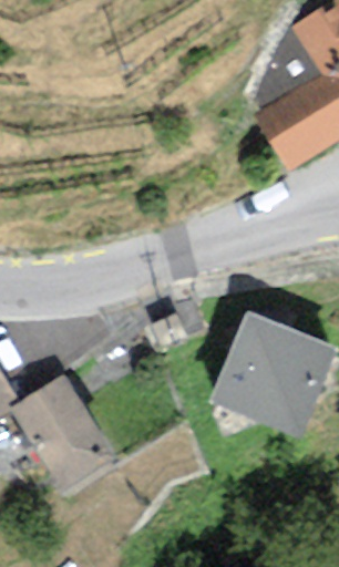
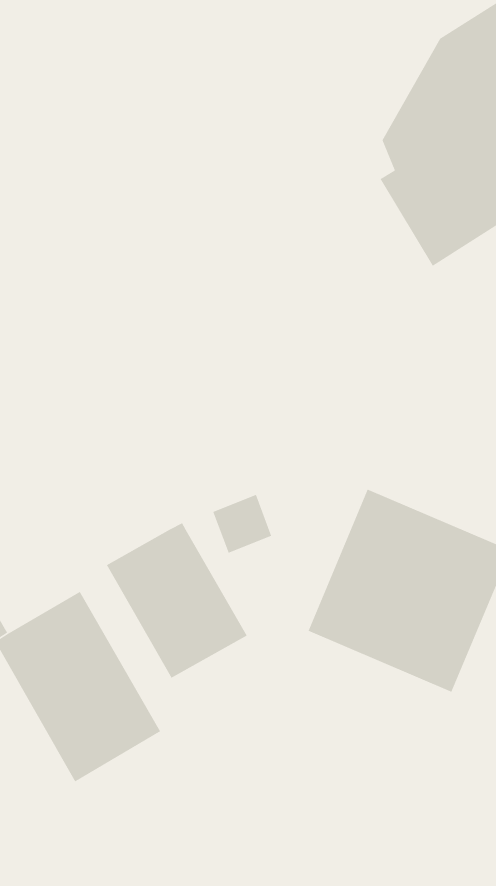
building: none -> [106,522,248,679]

